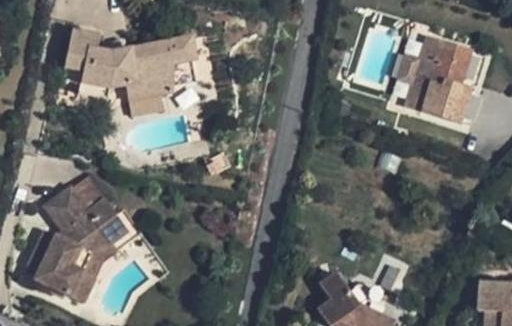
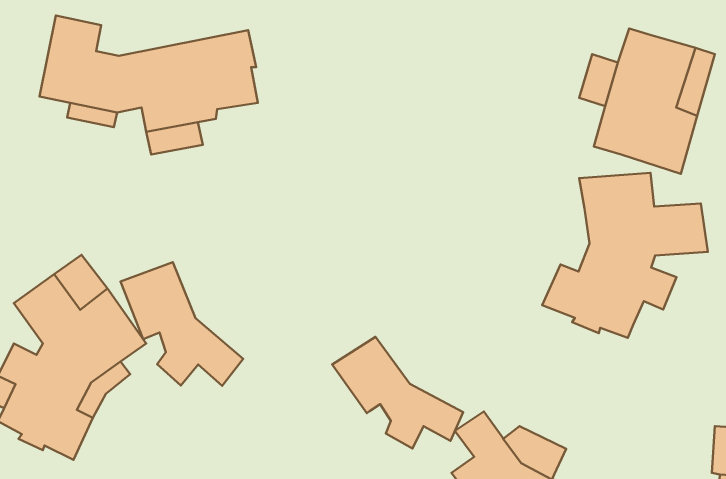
building: none -> [542,173,708,338]
building: none -> [121,262,243,386]
building: none -> [332,337,463,448]

